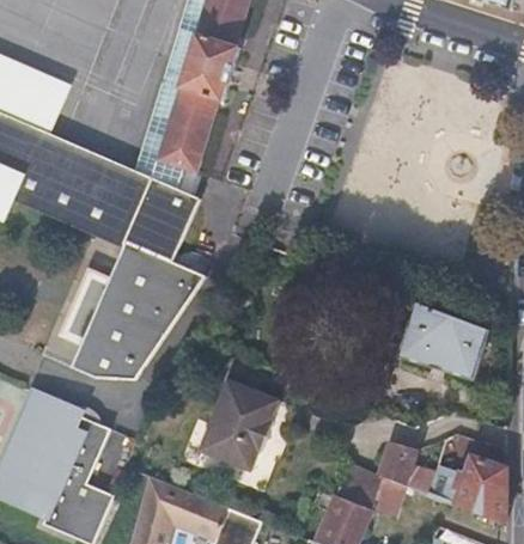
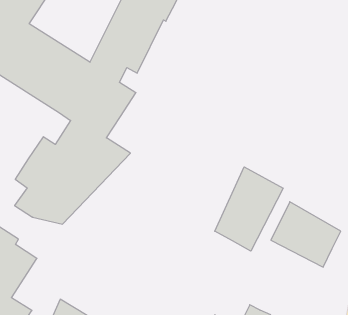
building: none -> [215,167,283,251]
building: [201,380,279,471] -> none

